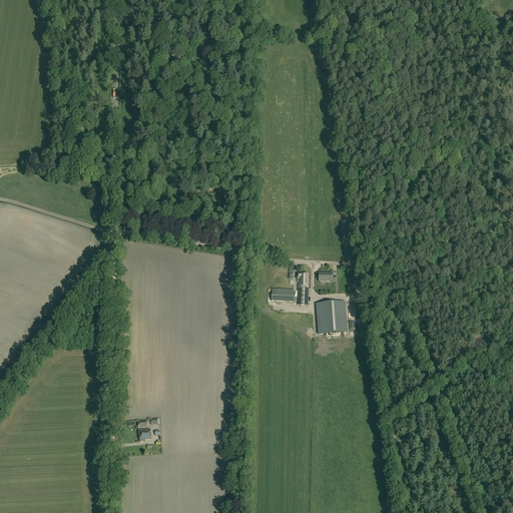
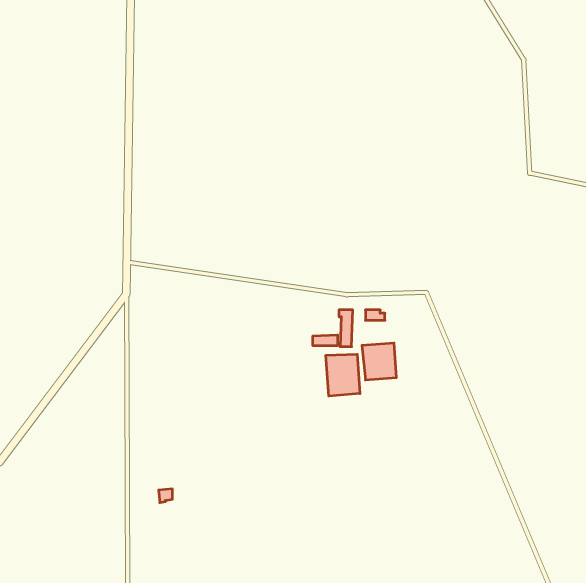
building: none -> [326,354,360,396]

